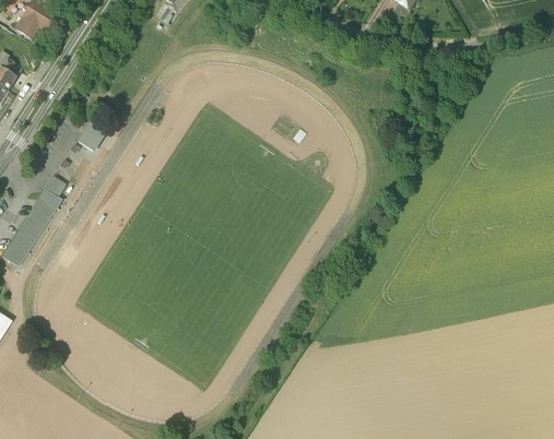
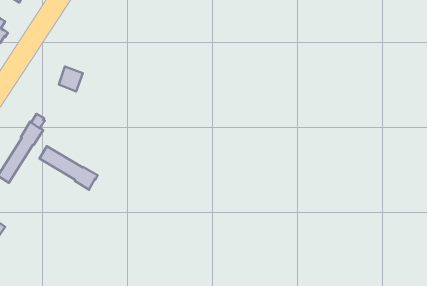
building: none -> [39,146,98,190]

